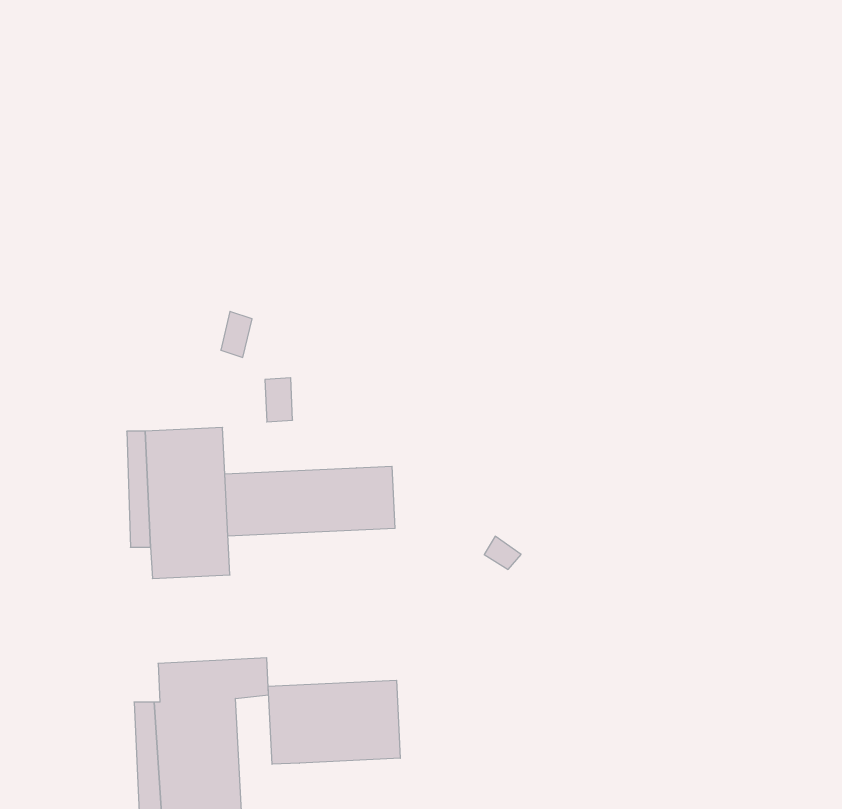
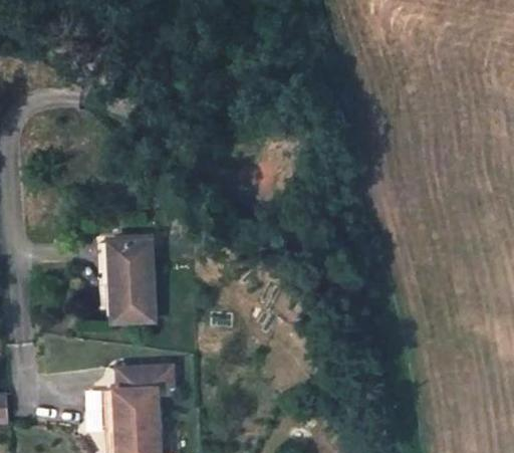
building: [225,466,395,536] -> none
building: [268,680,400,764] -> none

